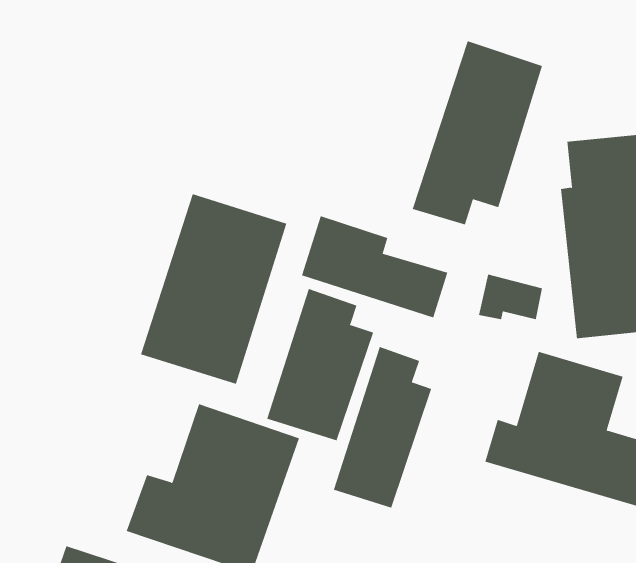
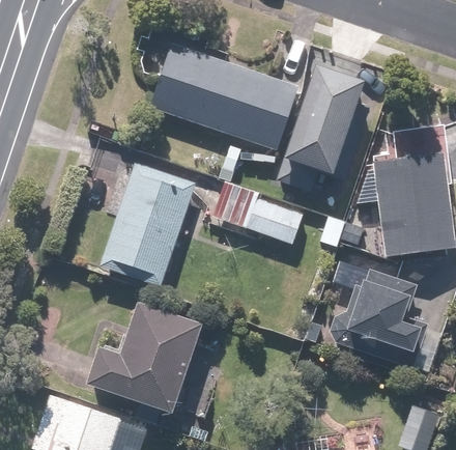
building: none -> [148,43,300,152]
building: [267,288,374,441] -> none
building: [333,346,432,508] -> none

